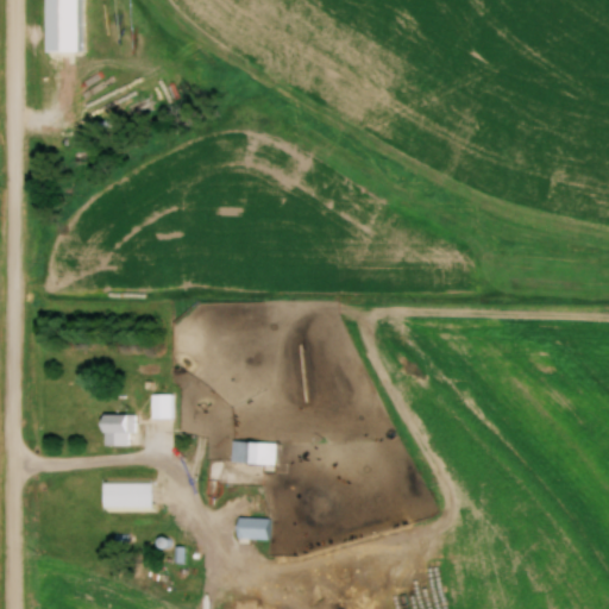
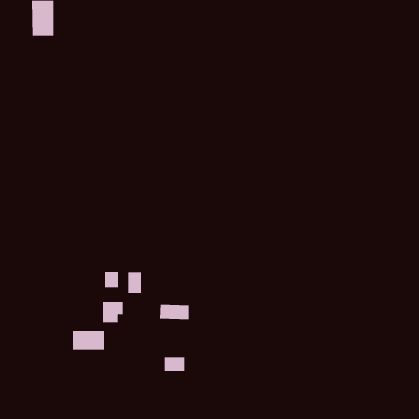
building: none -> [128,272,141,294]
building: [103,415,134,446] -> [102,302,123,323]

